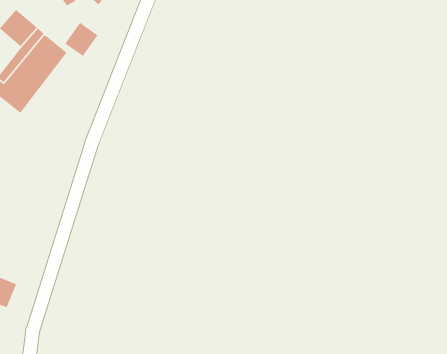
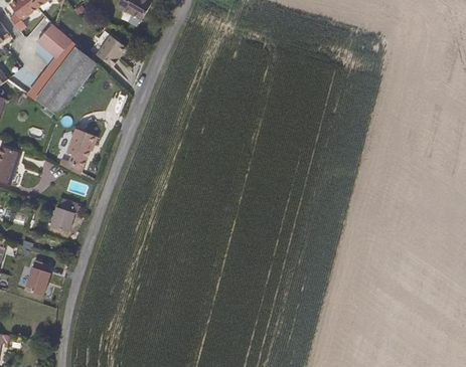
building: none -> [65,126,100,171]
building: none -> [49,210,76,236]

